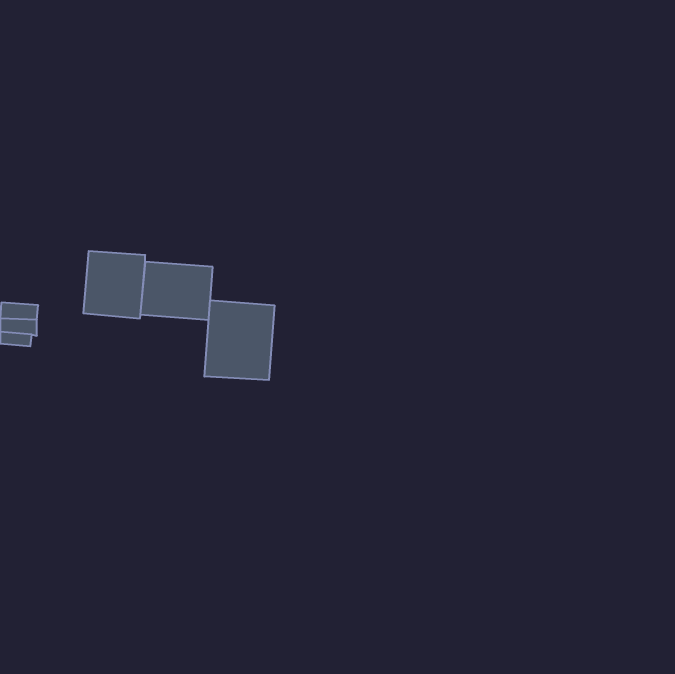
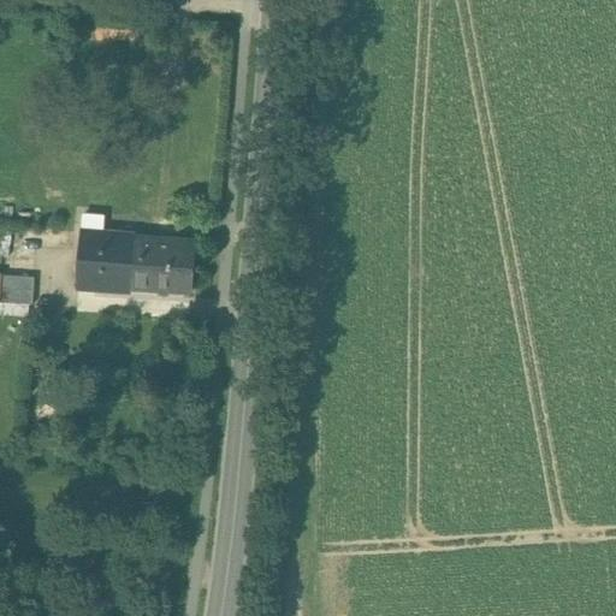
building: [204,300,274,380] -> none

